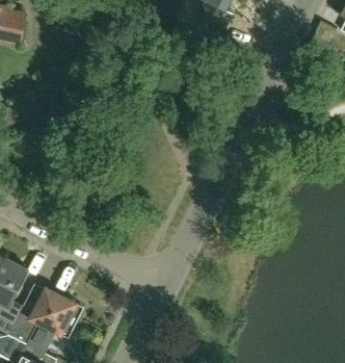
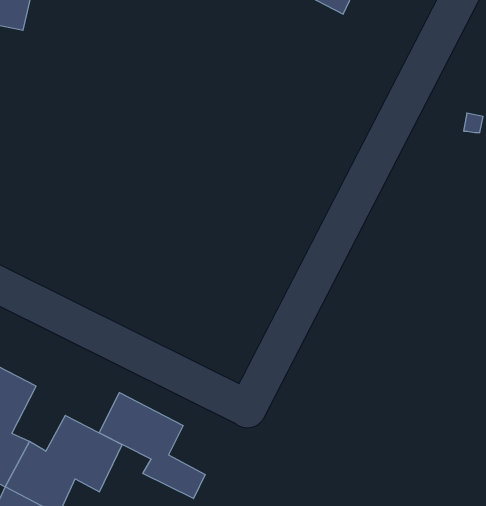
building: none -> [99,393,205,499]

